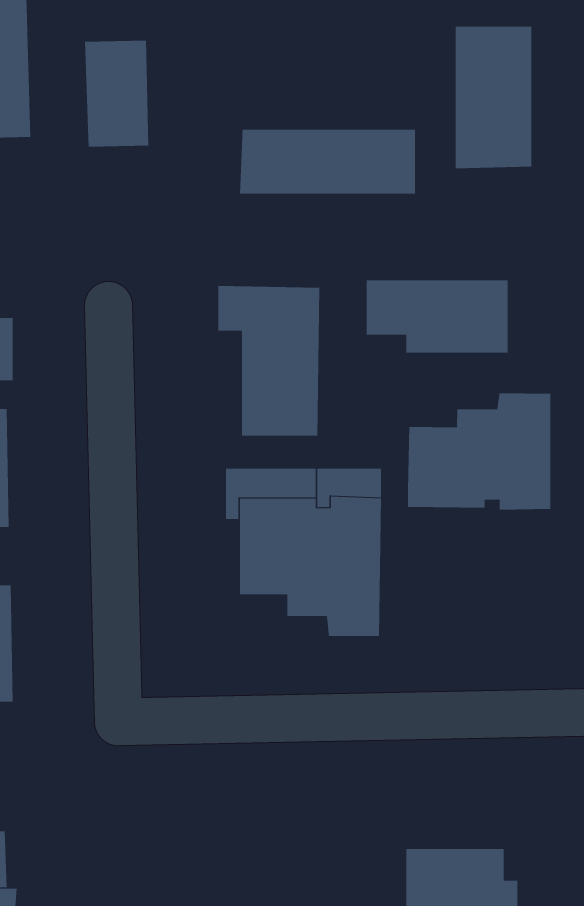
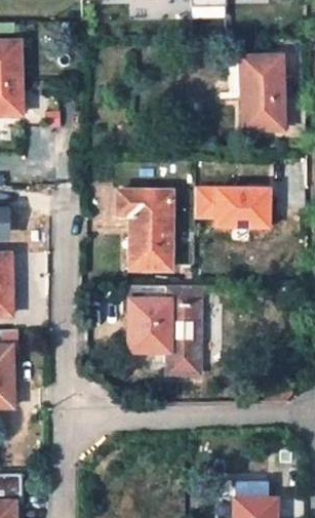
building: [84,40,149,148] -> none
building: [240,129,416,194] -> none
building: [407,392,551,510] -> none

